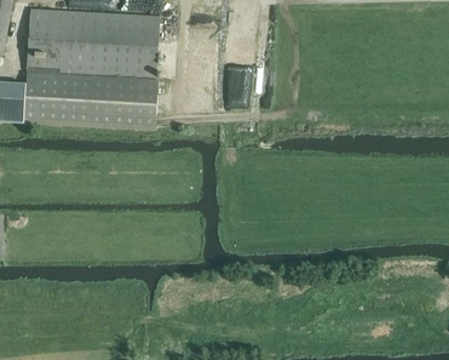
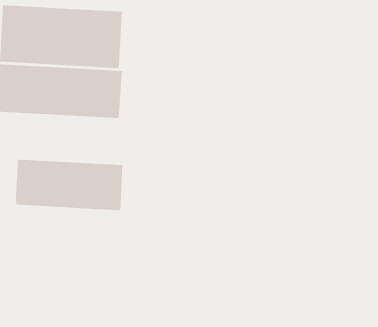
building: none -> [16,159,123,211]

